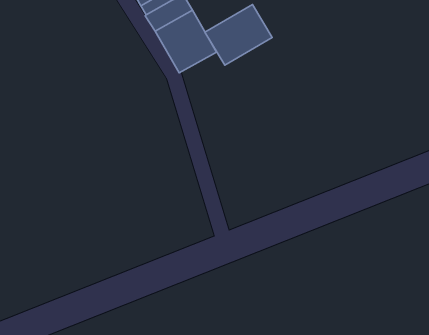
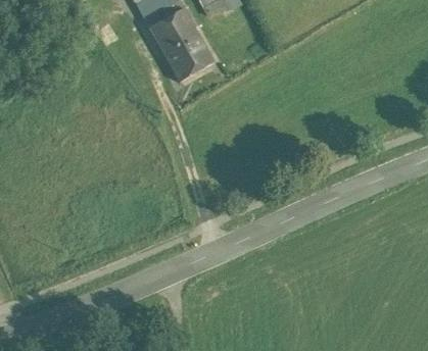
building: [205,5,272,65] -> none

